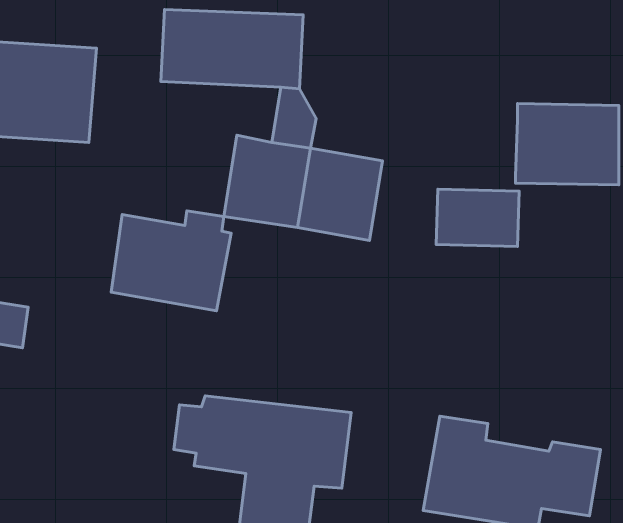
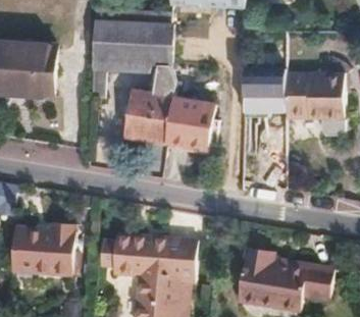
building: [436,189,519,246] -> [243,82,289,113]
building: [111,211,231,311] -> [8,231,74,286]

